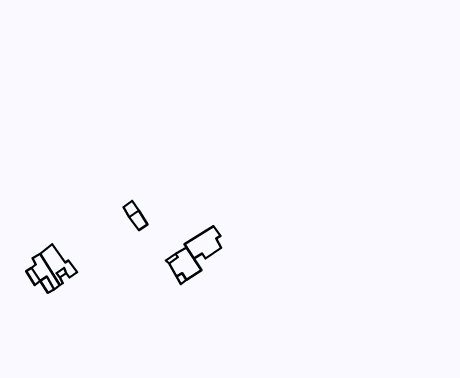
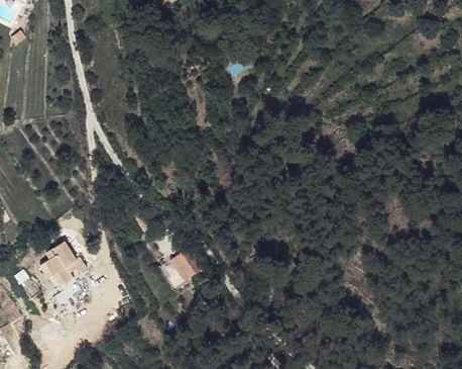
building: [185,226,221,259] -> none

